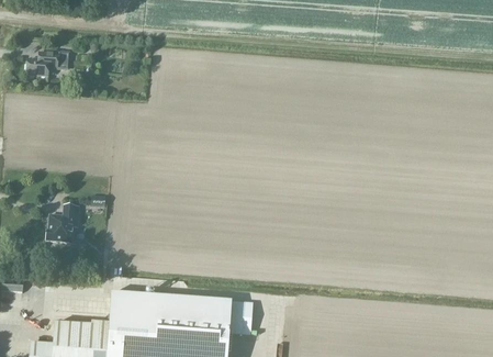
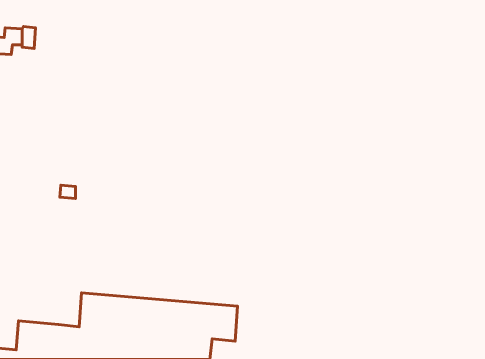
building: [46,207,80,245] -> none

